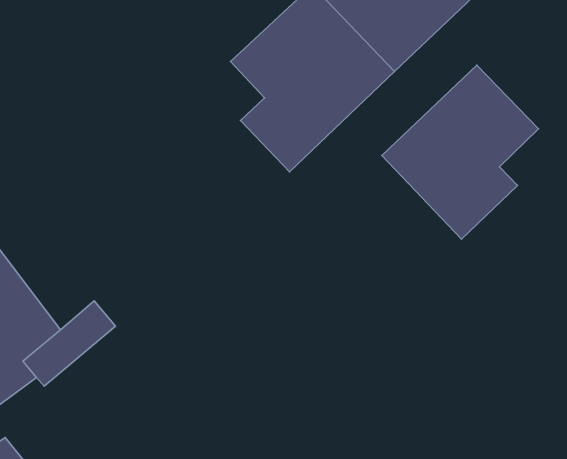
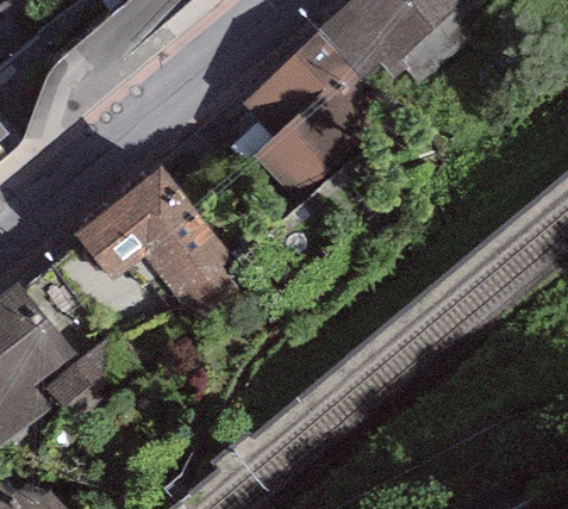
building: [382,65,539,239] -> none
building: none -> [68,163,245,321]

